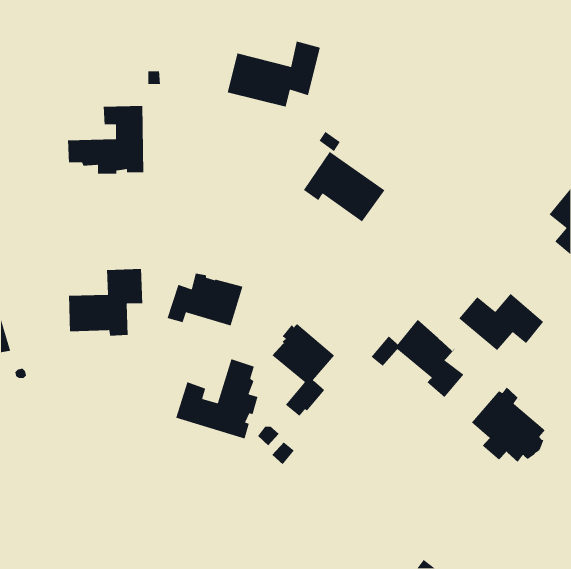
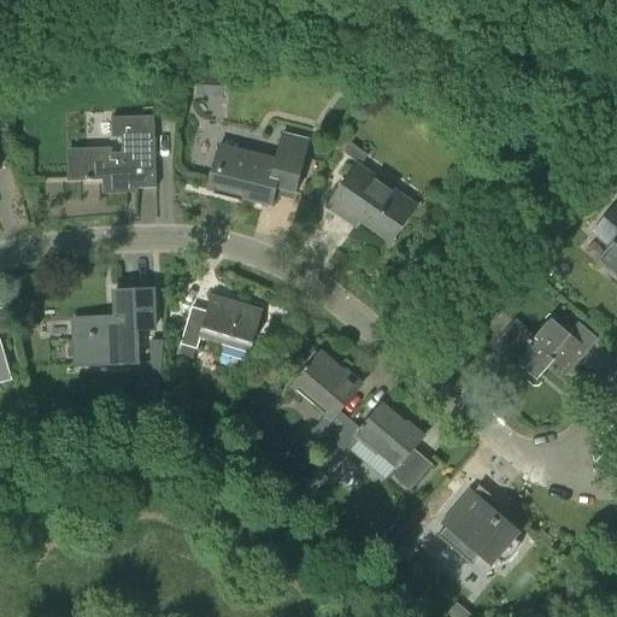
building: [227,40,321,107] -> [207,131,308,204]
building: [371,319,464,398] -> [331,402,433,488]
building: [175,358,259,440] -> none
building: [471,387,546,463] -> [440,483,521,565]

